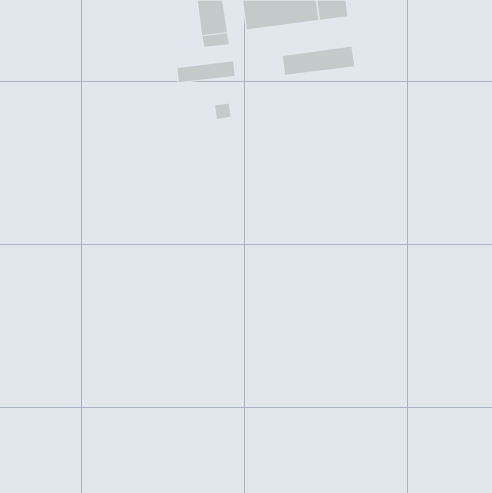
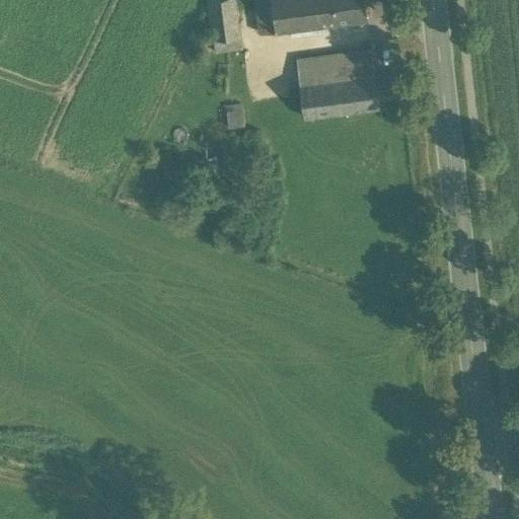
building: [177,60,235,83] -> none
building: none -> [299,70,378,116]

